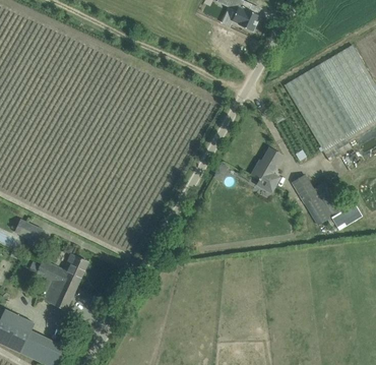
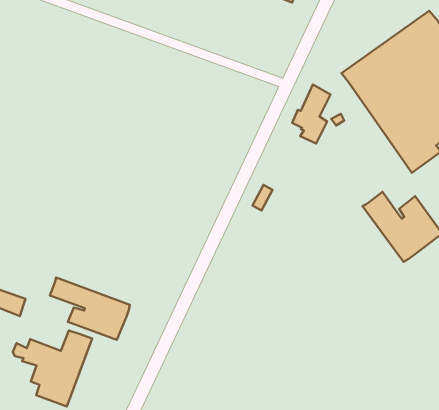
building: [252,148,281,191] -> [292,85,330,143]
building: none -> [50,278,130,340]

